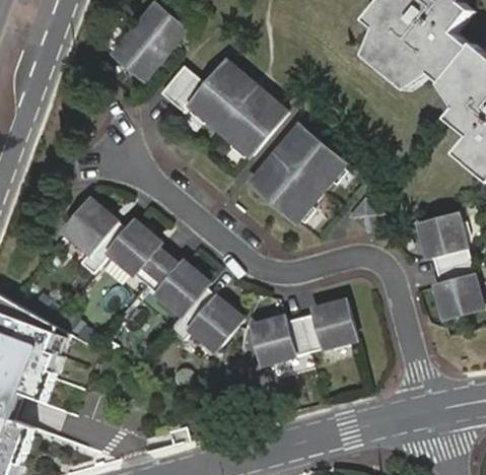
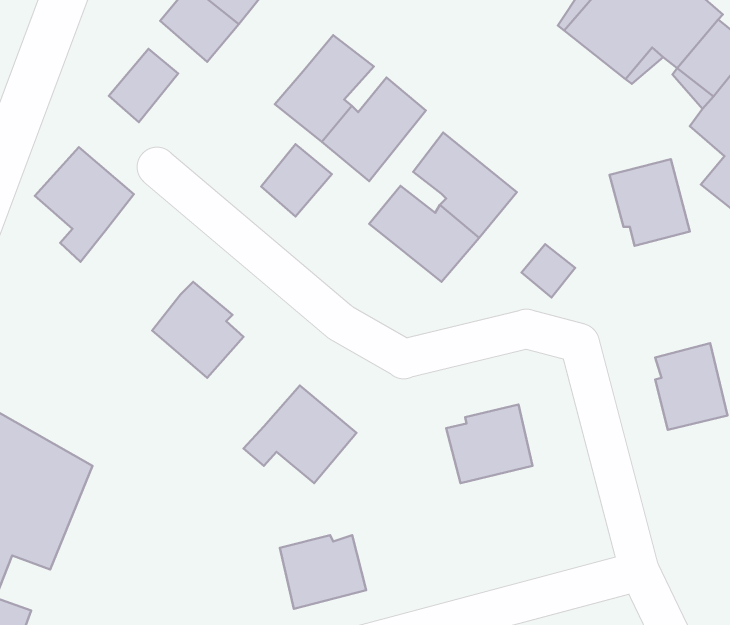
building: [160,66,206,113] -> [261,144,332,216]
building: none -> [109,49,178,122]
building: [63,199,127,273] -> [35,147,134,262]
building: [417,214,469,270] -> [610,159,690,246]
building: [144,257,208,315] -> none
building: [252,316,307,363] -> [280,535,366,609]

